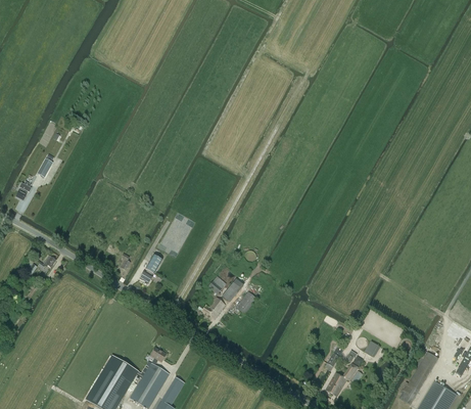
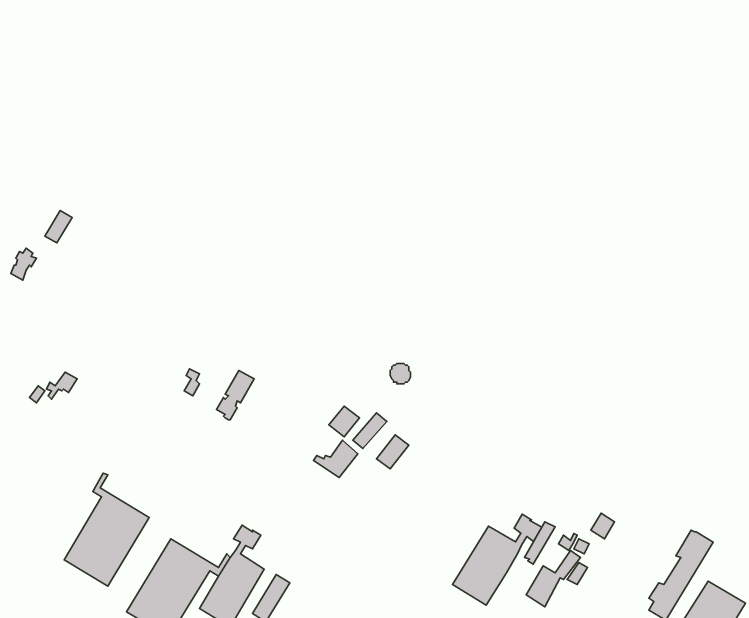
building: none -> [64,473,149,586]
building: none -> [453,514,542,605]

